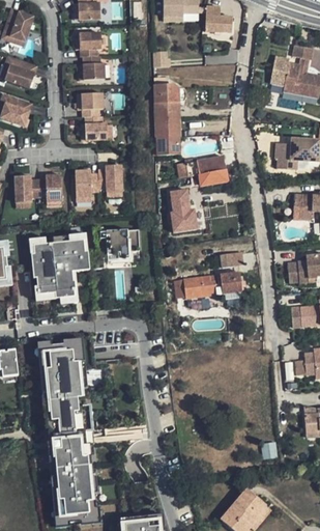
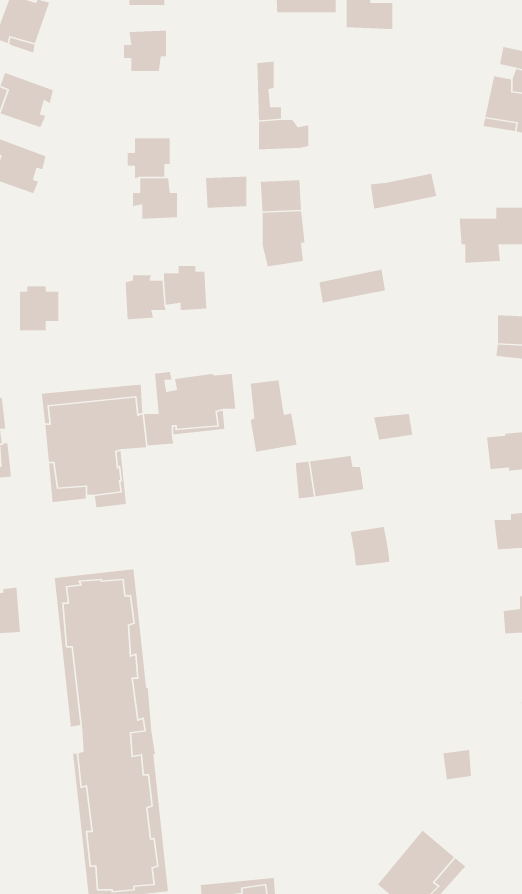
building: [80,57,106,80] -> none
building: [153,101,177,119] -> [205,176,247,209]
building: [185,156,224,176] -> [370,173,437,209]
building: [40,177,64,203] -> none
building: [170,190,197,231] -> [250,380,297,453]
building: [217,271,240,294] -> [350,526,390,566]

